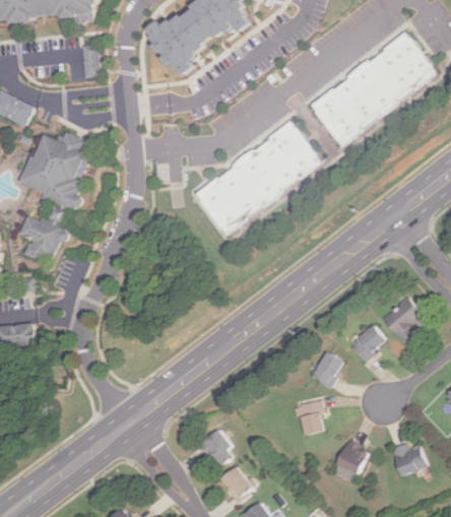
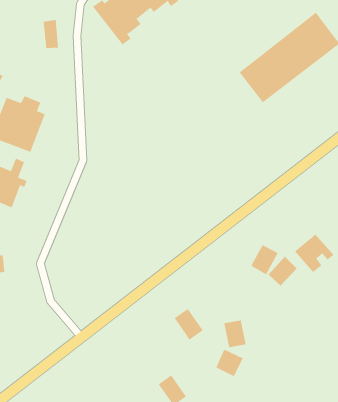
building: [197,122,321,233] -> none
building: [309,351,342,388] -> [250,244,278,275]
building: [199,429,235,467] -> [174,308,204,340]
building: [334,441,368,474] -> [215,349,243,377]
building: [390,441,425,474] -> none

